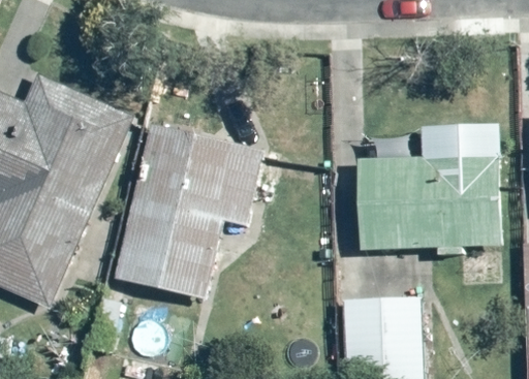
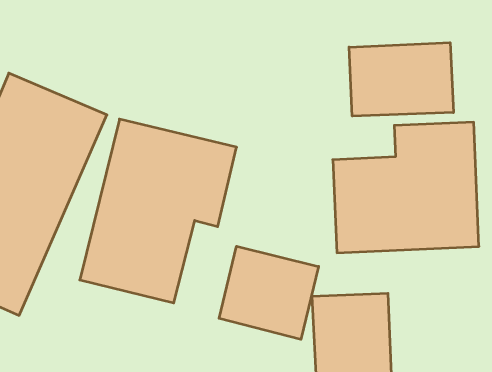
building: none -> [349,43,453,116]
building: none -> [219,246,319,339]

